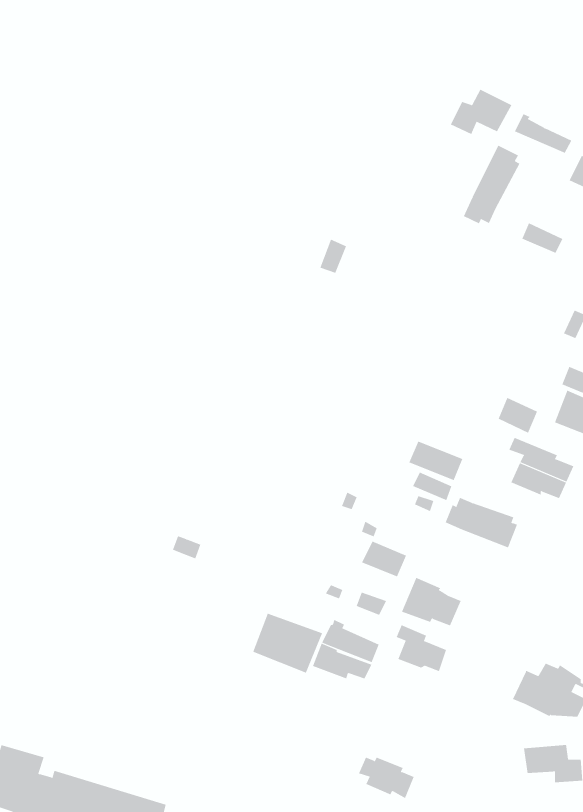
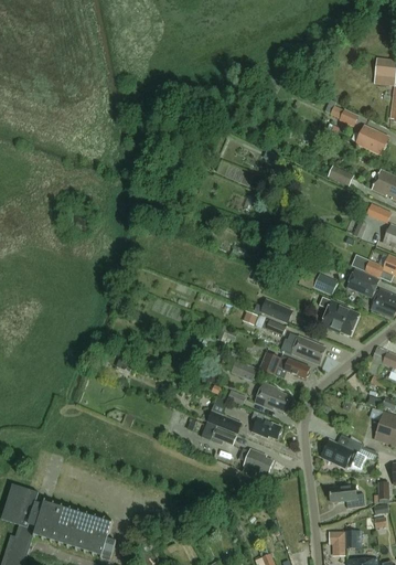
building: [450,89,512,135] -> none
building: [463,145,520,224] -> none
building: none -> [260,353,311,379]
building: [253,613,323,674] -> none
building: [358,757,414,799] -> [239,448,274,473]

